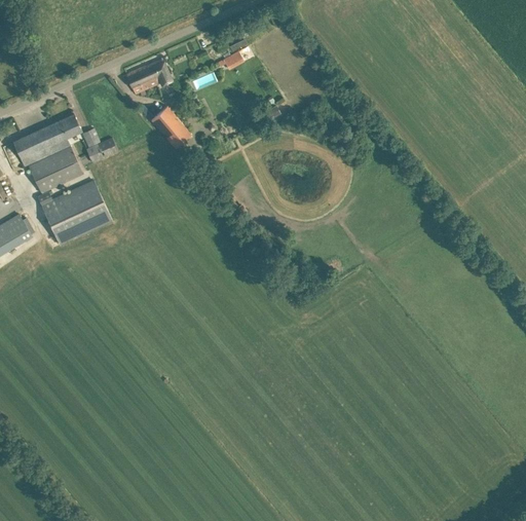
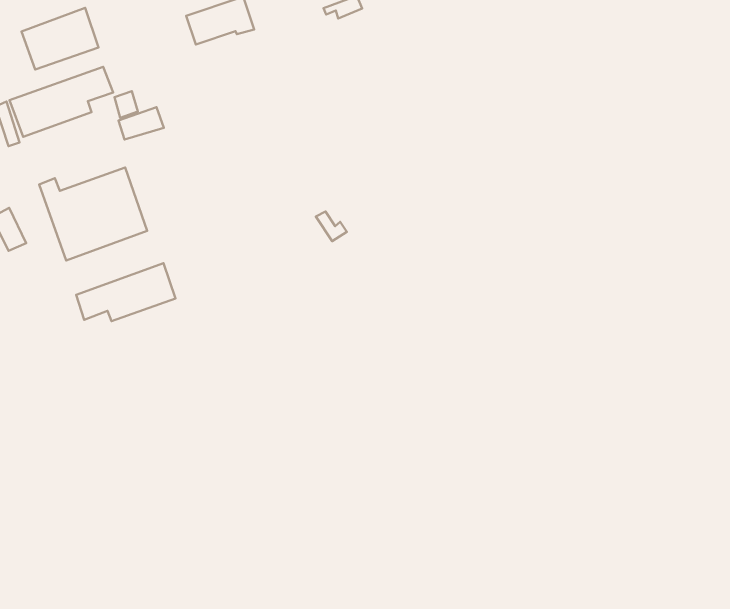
building: [139,105,190,156] -> none
building: [28,147,80,191] -> [22,8,99,70]
building: none -> [76,263,176,321]

